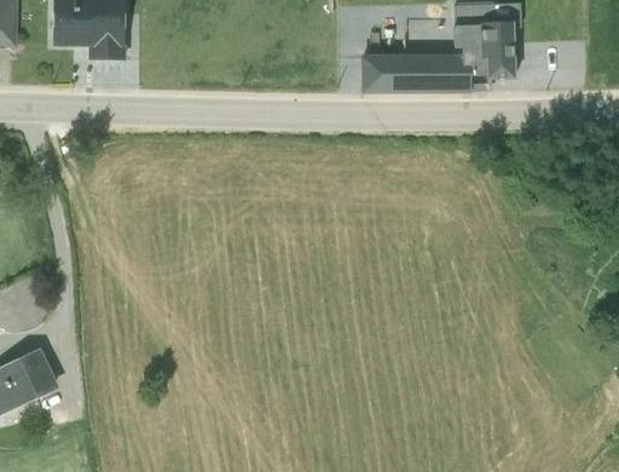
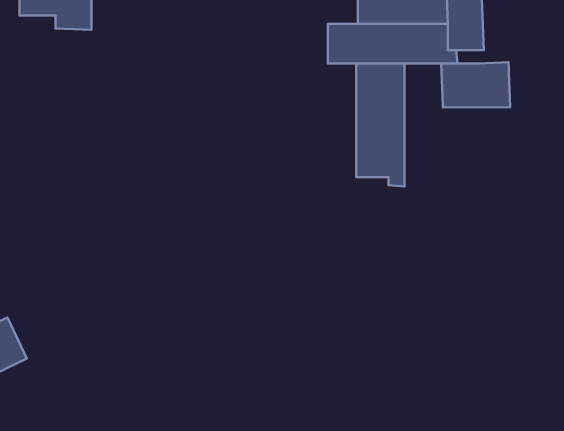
building: none -> [441,62,510,107]
building: none -> [356,63,404,186]

